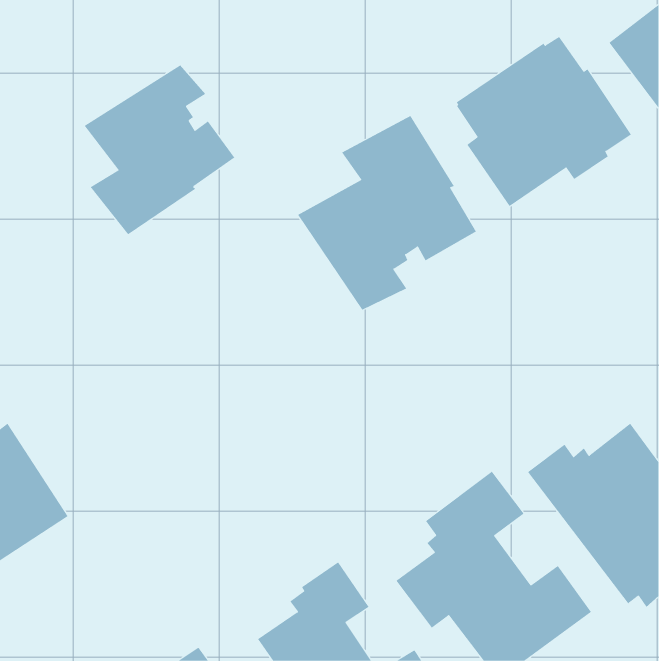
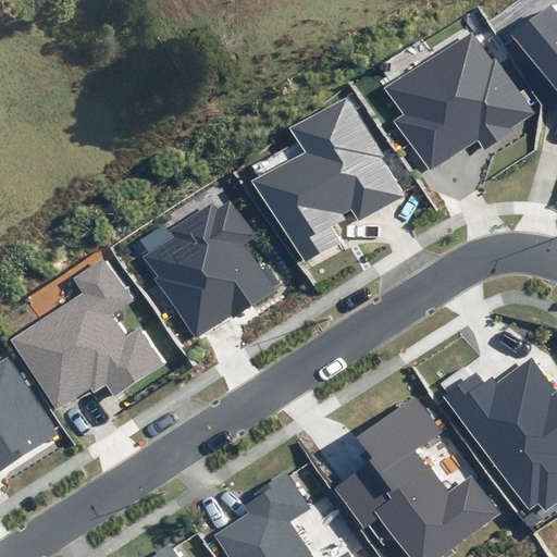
building: [84,65,235,235] -> none
building: none -> [141,199,272,339]
building: none -> [9,256,164,410]

